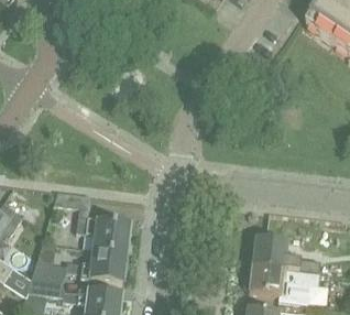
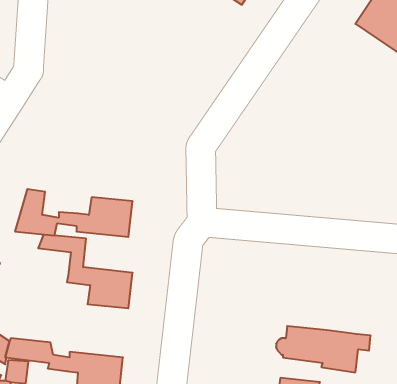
building: [253,237,310,272] -> none
building: [31,241,125,280] -> [15,189,133,237]

